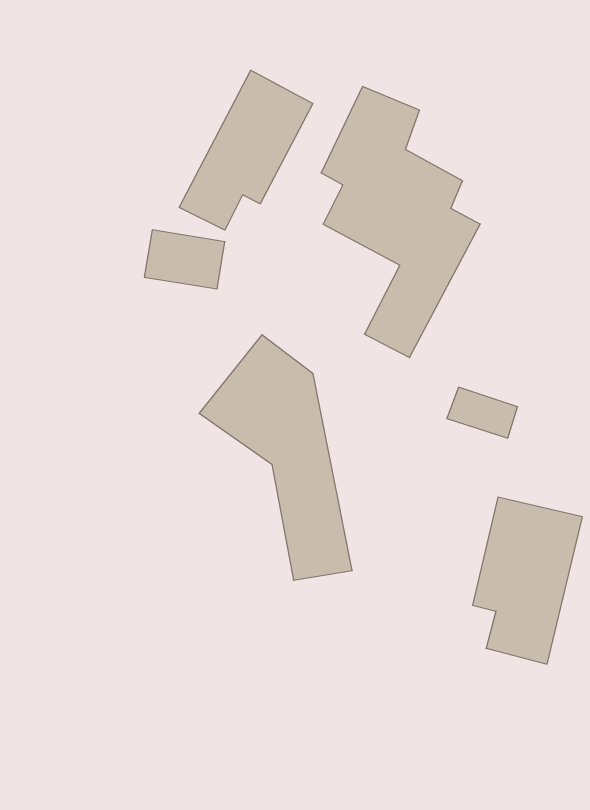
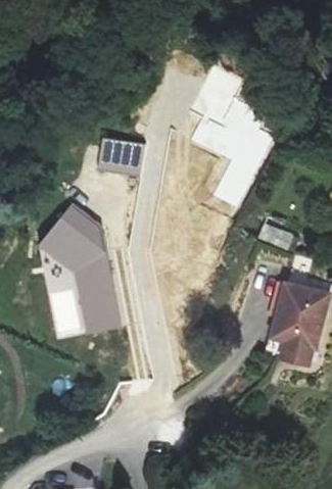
building: [179,70,313,230] -> none
building: [199,335,352,580] -> [39,204,118,332]

